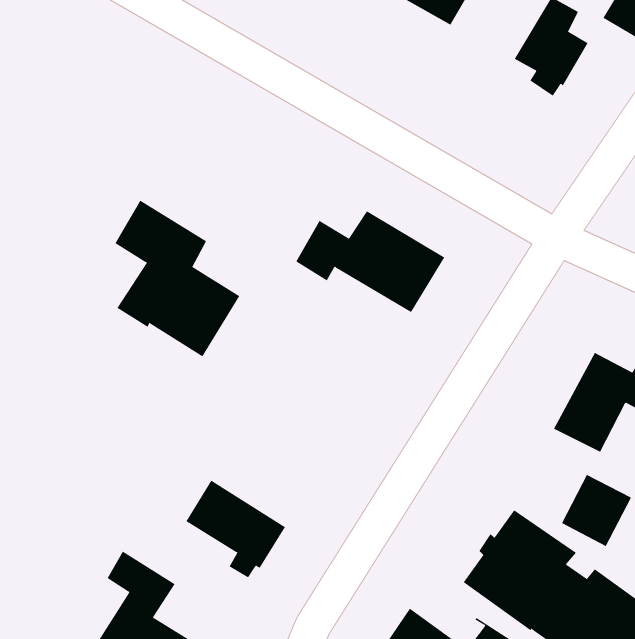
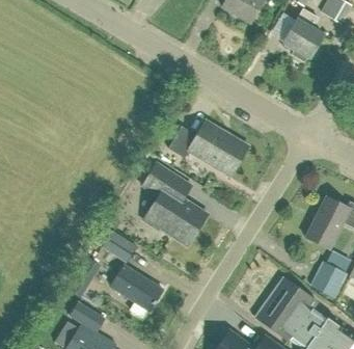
building: [114,200,240,357] -> [143,164,210,247]
building: none -> [101,229,137,262]

